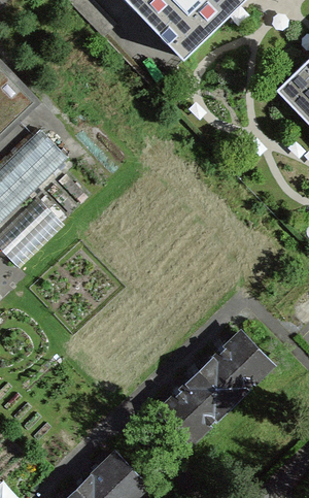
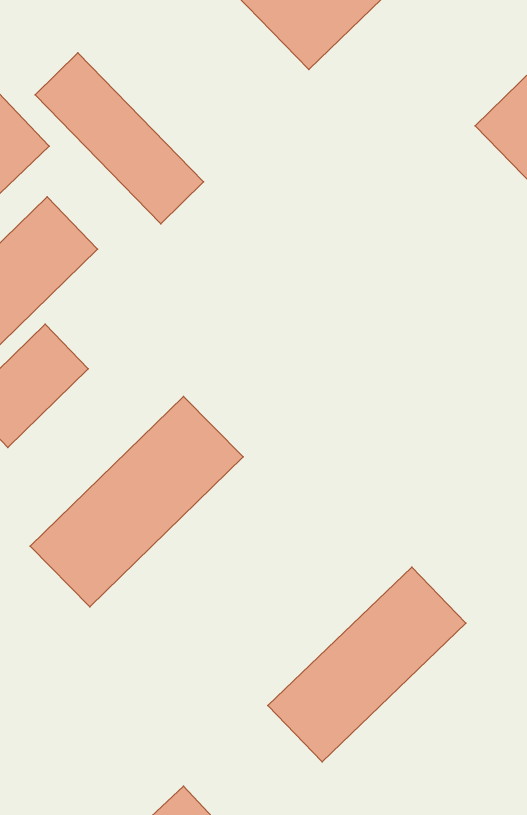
building: none -> [35,53,204,224]
building: none -> [30,396,243,607]

